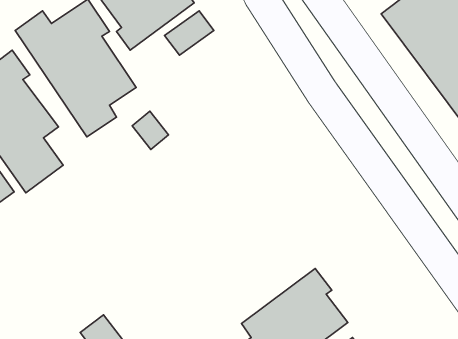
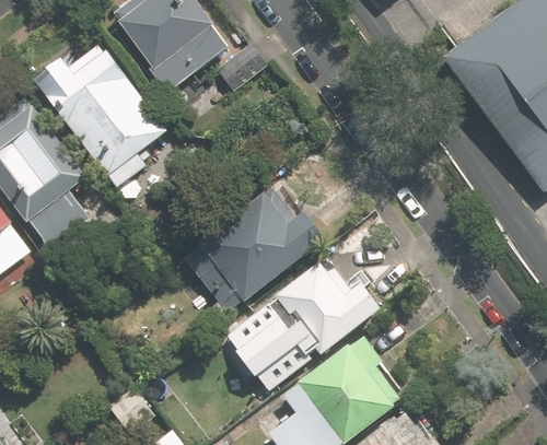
building: none -> [177,186,329,318]
building: none -> [231,265,383,388]

